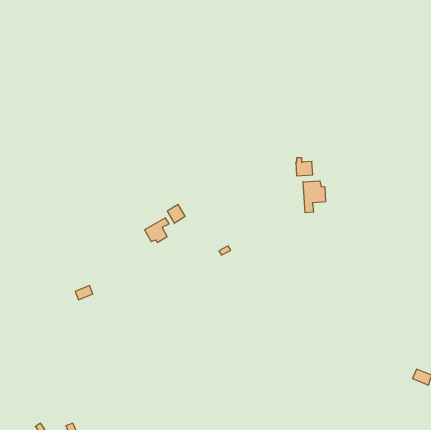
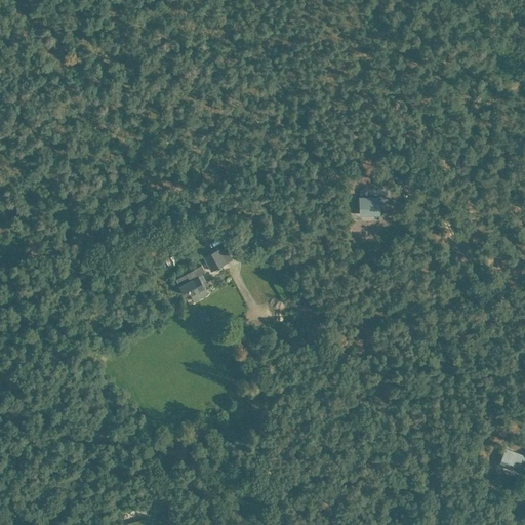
building: [303,181,325,213] -> none

